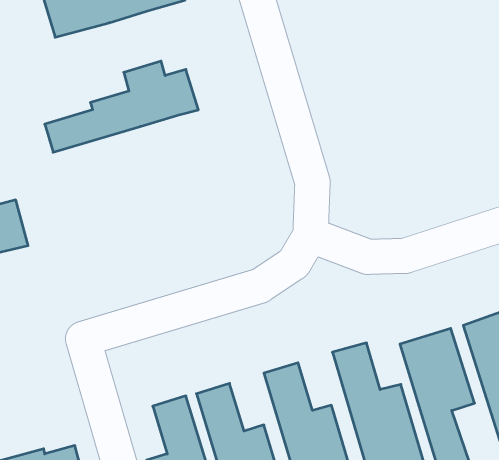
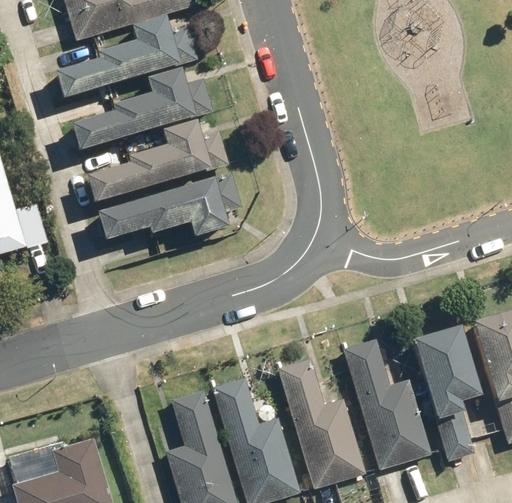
building: none -> [49,17,199,101]
building: none -> [81,117,229,206]
building: none -> [92,171,242,245]

